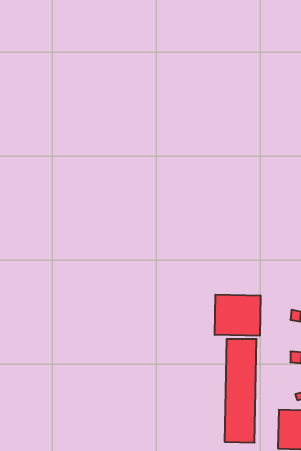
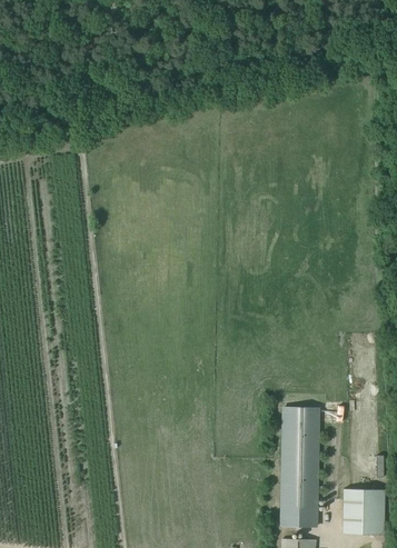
building: [215,295,260,336] -> none

